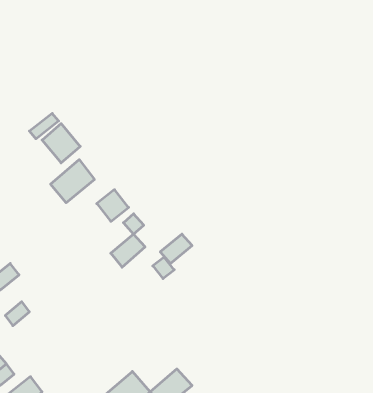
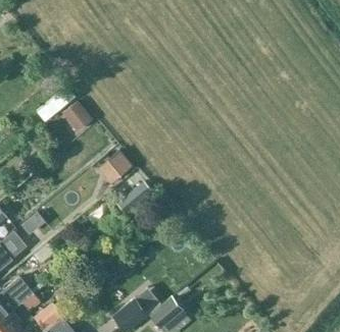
building: [51,160,94,203] -> none

